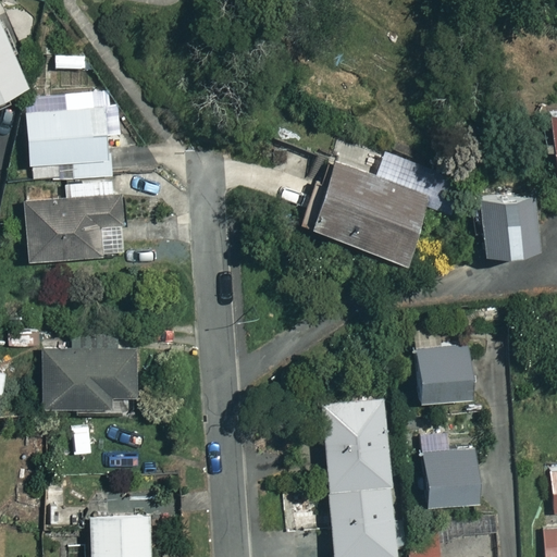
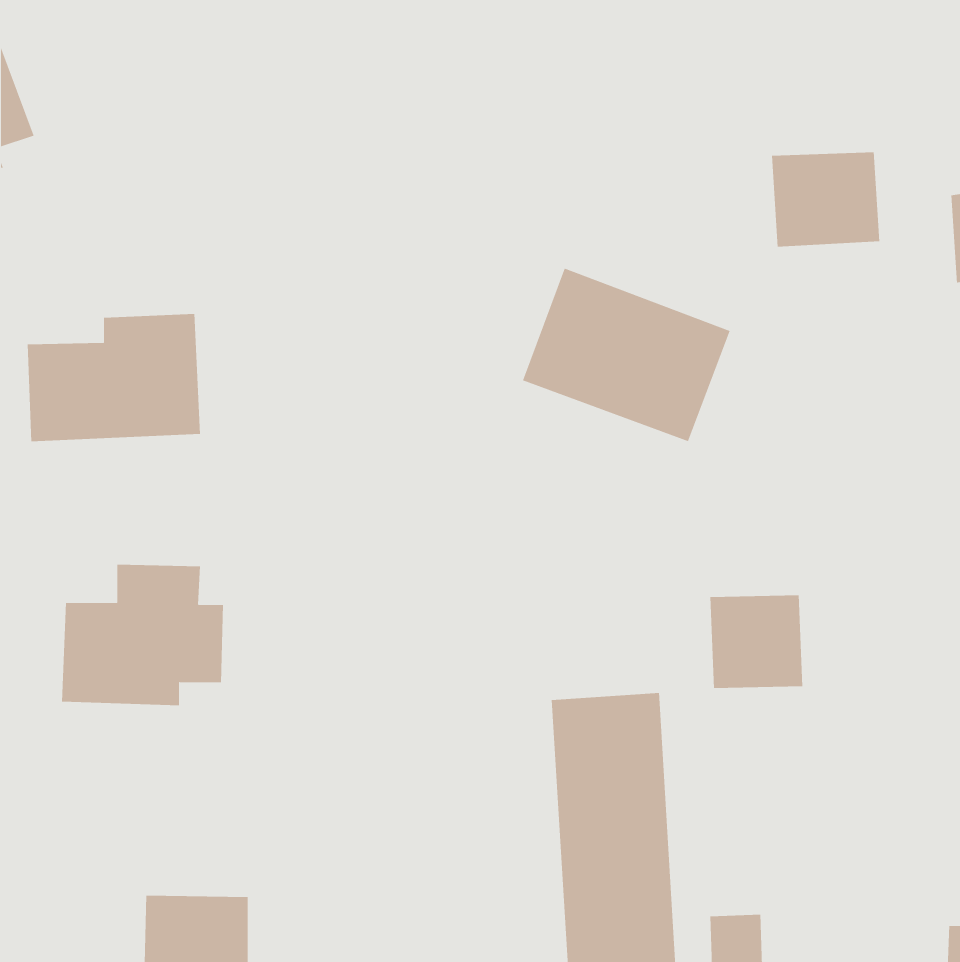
building: [28,110,114,183] -> none
building: [480,199,542,253] -> [771,152,880,247]
building: [418,449,474,506] -> none

